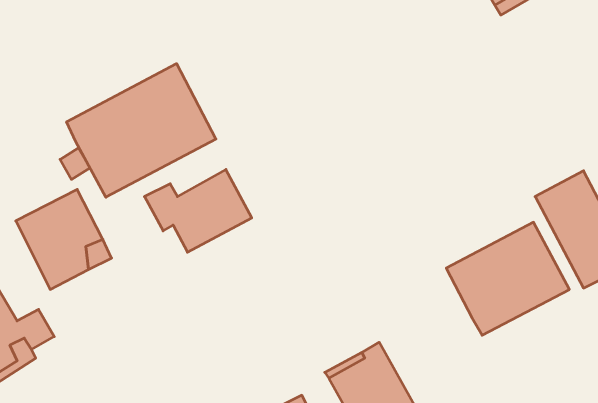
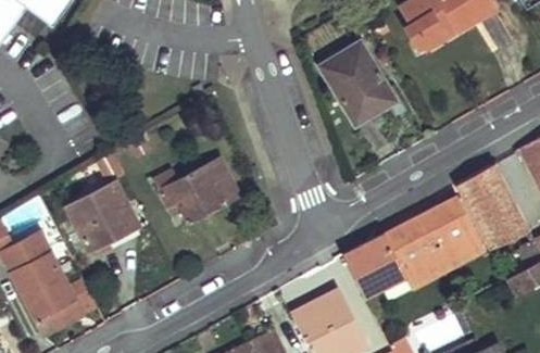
building: none -> [322,48,399,134]
building: [67,64,216,197] -> none
building: none -> [347,237,407,297]

